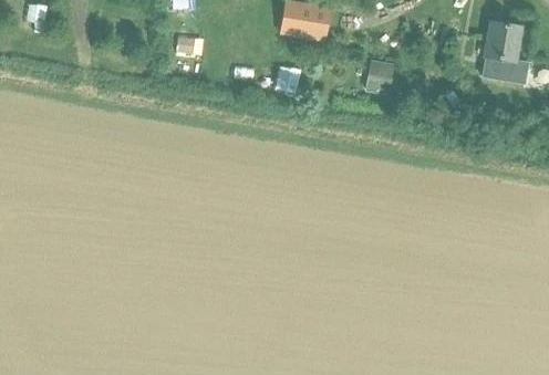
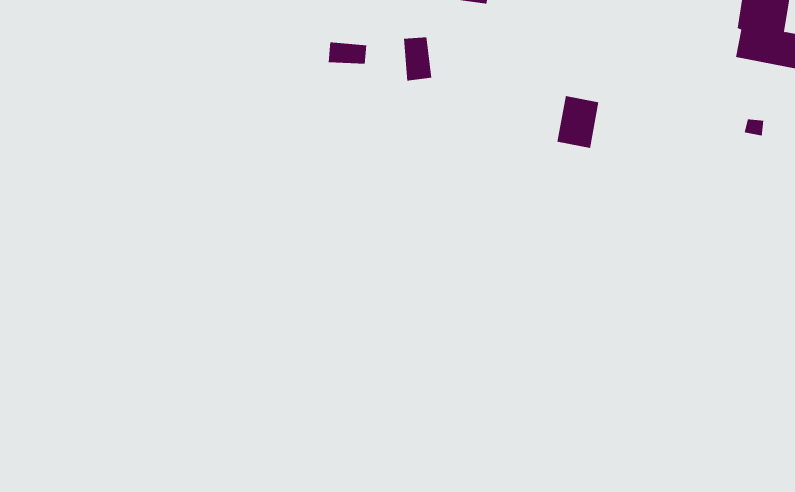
building: [366,60,394,94] -> [557,95,599,149]

